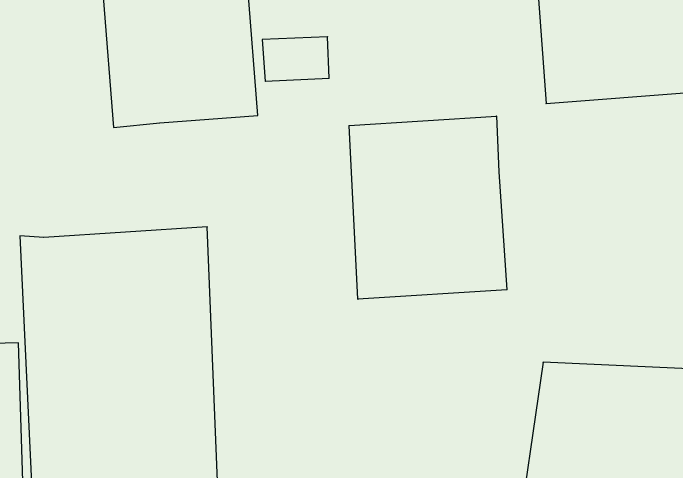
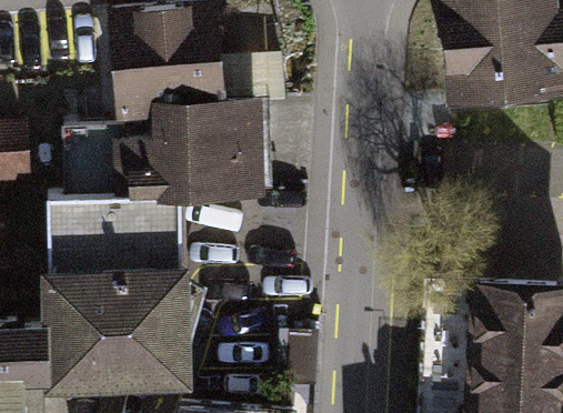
building: none -> [61,112,267,204]
building: [349,116,507,299] -> none

